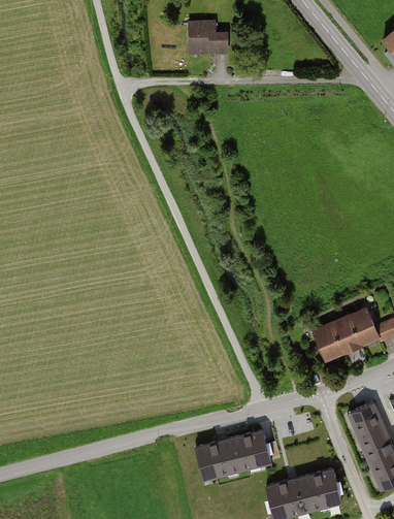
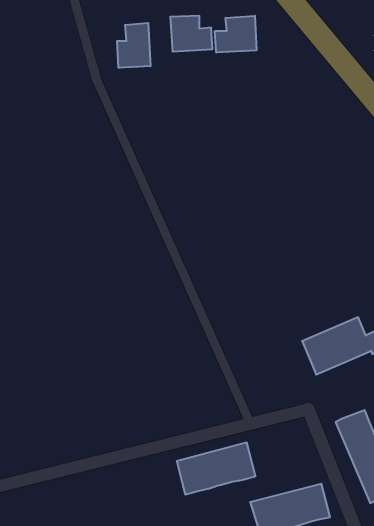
building: none -> [215,16,256,53]
building: none -> [117,23,150,68]

